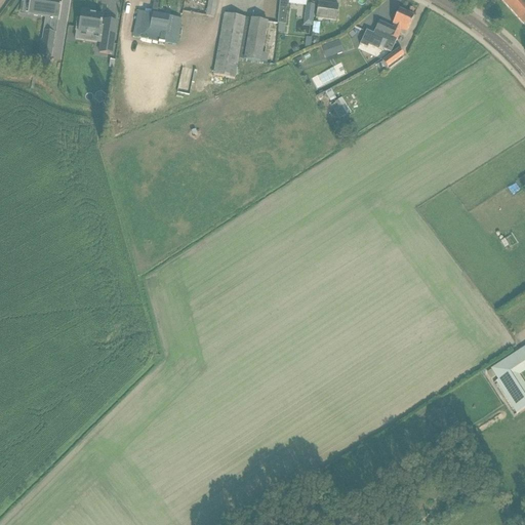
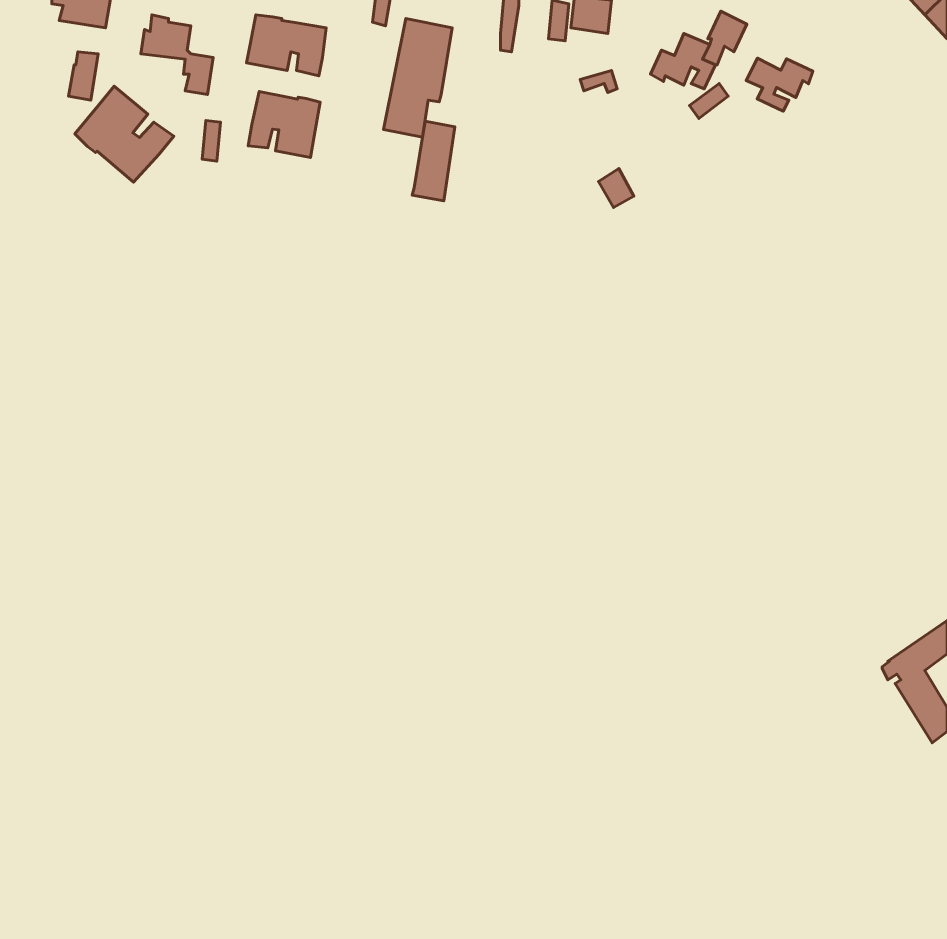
building: [243,15,267,59] -> [412,121,455,201]
building: none -> [746,58,813,111]
building: none -> [75,86,174,182]
building: none -> [248,91,320,157]

